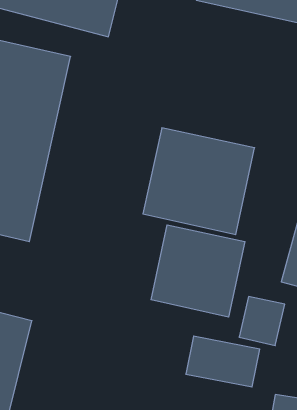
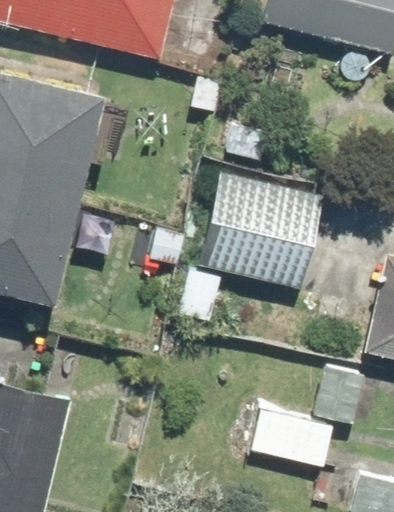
building: [151,225,245,317] -> none

